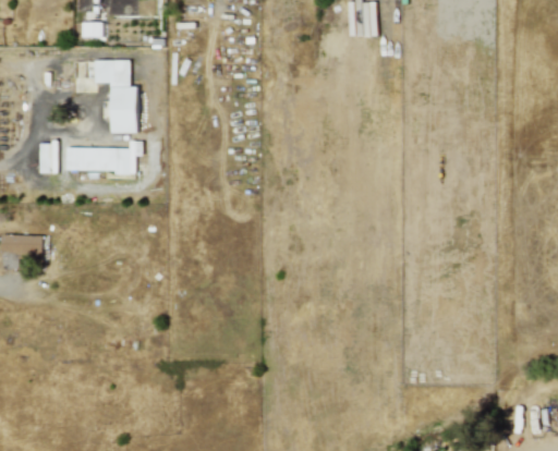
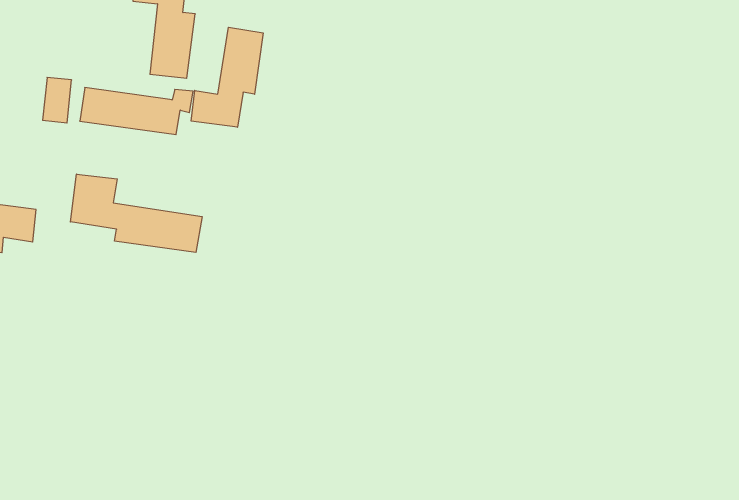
building: none -> [191,27,263,127]
building: none -> [70,174,202,252]

